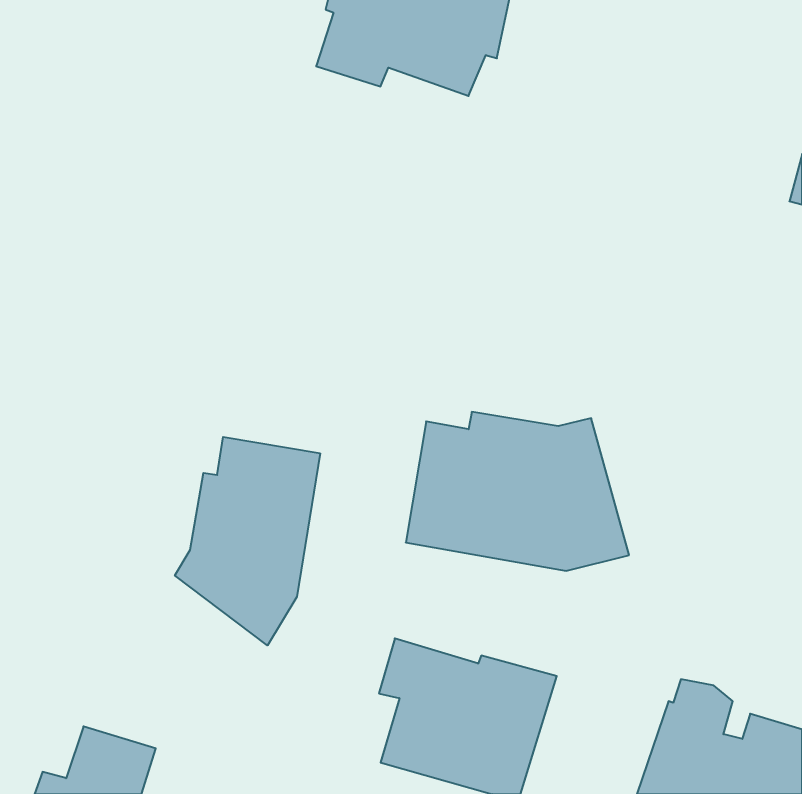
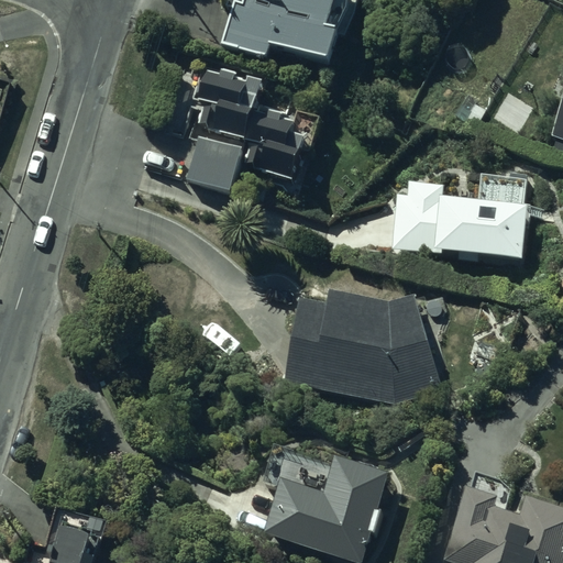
building: none -> [184,73,308,197]
building: none -> [389,178,529,257]
building: [175,437,320,645] -> none

